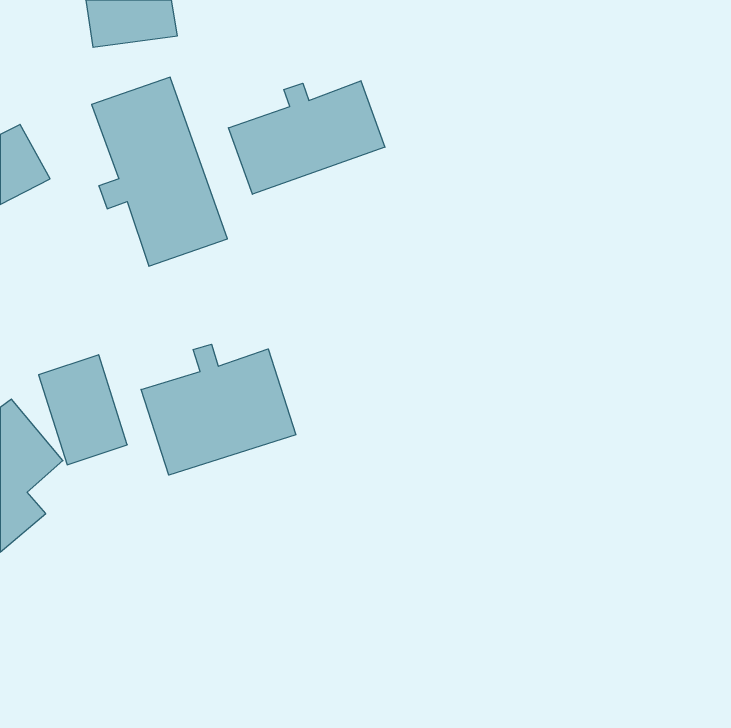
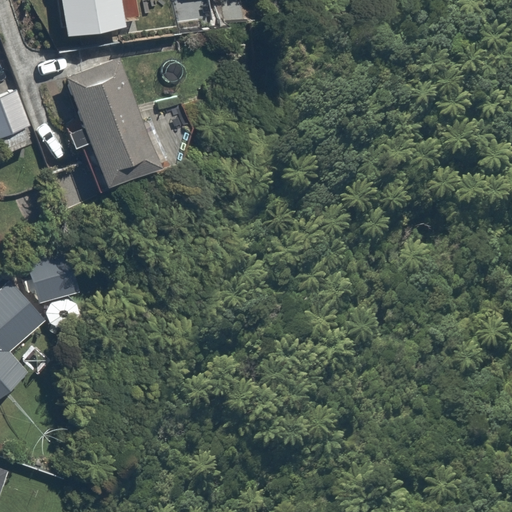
building: [228,81,385,194] -> none
building: [141,344,296,475] -> none

